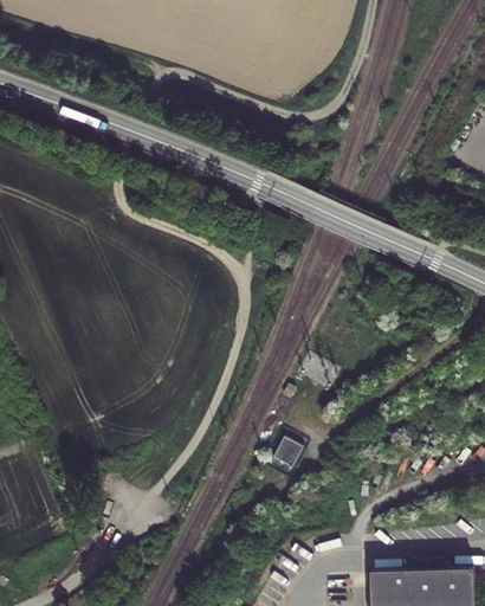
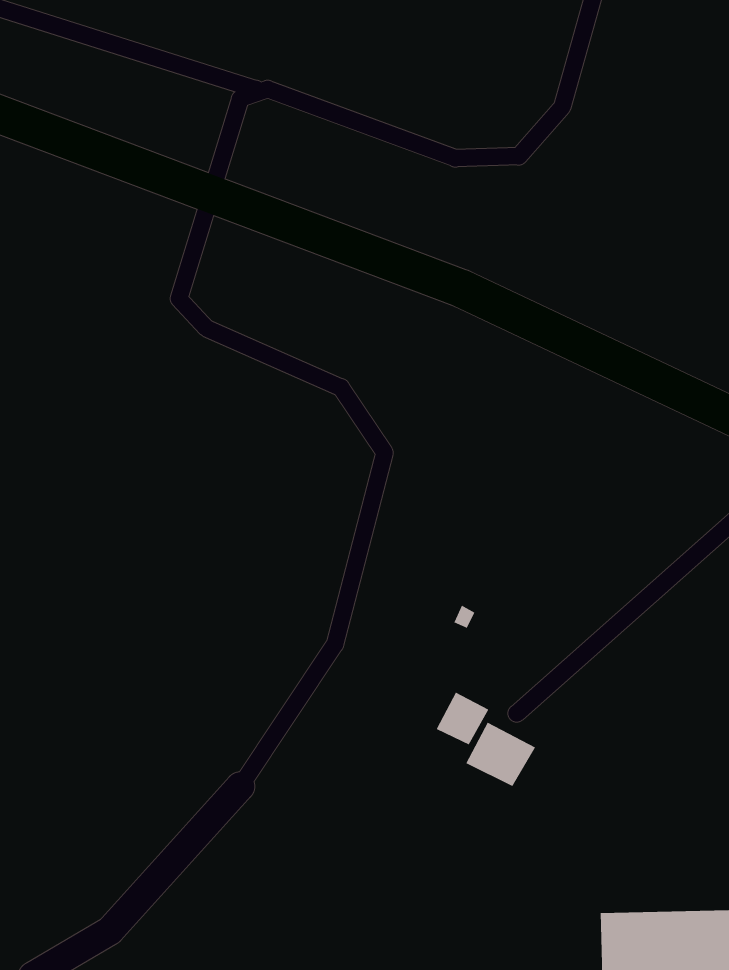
building: none -> [466,722,536,787]

